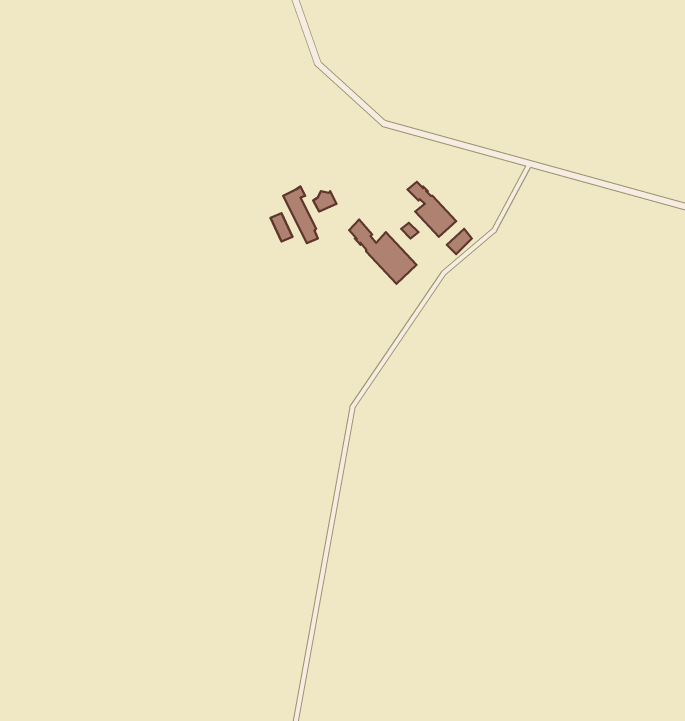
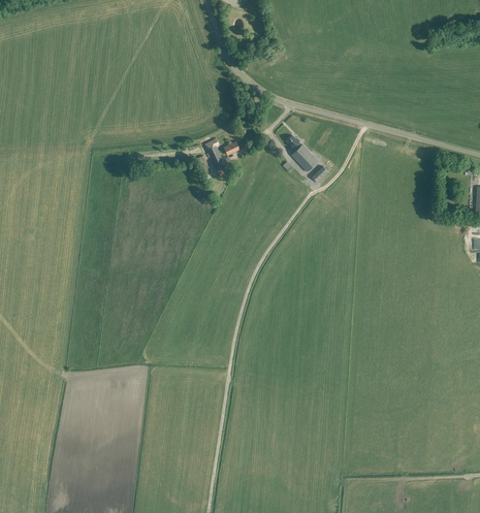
building: [349,220,416,284] -> none

